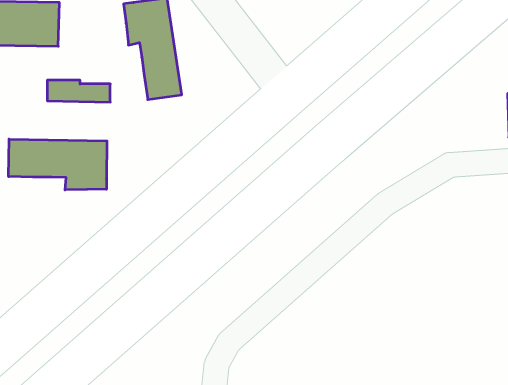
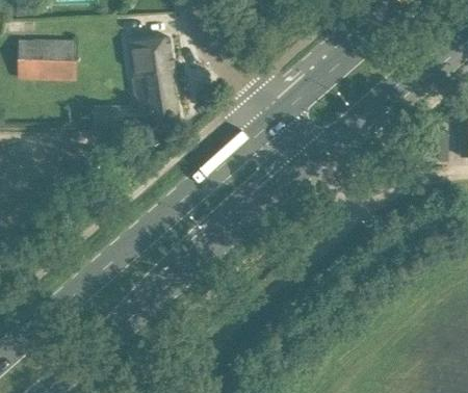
building: [9,139,107,190] -> none

